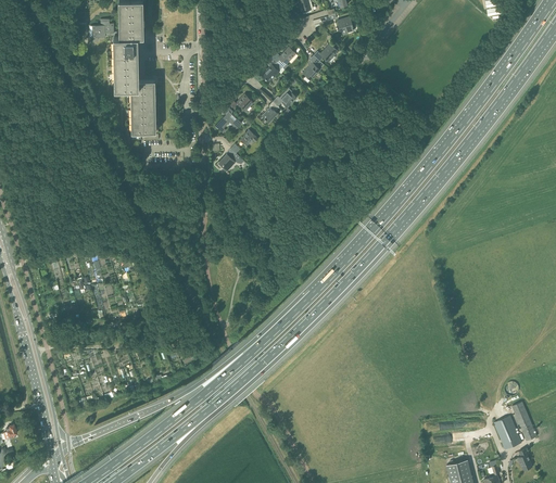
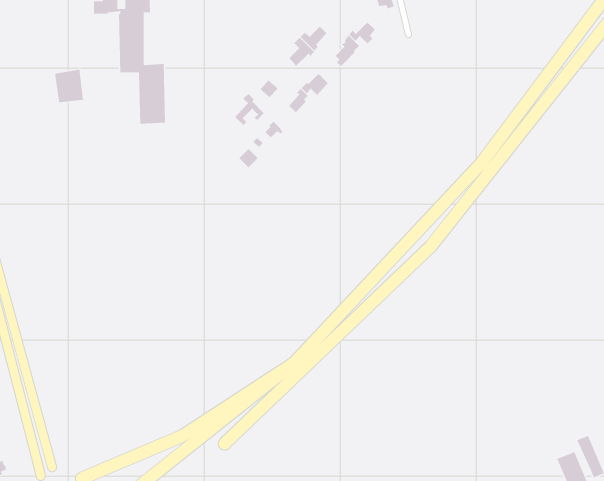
building: none -> [54,69,85,103]

